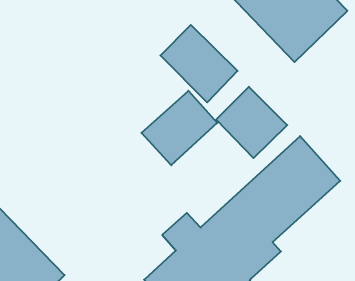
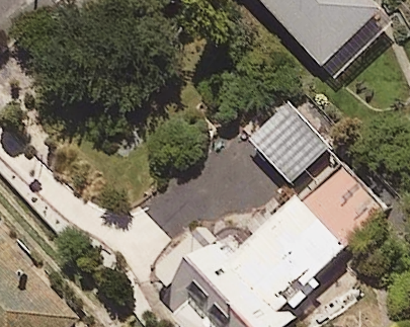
building: [160,25,238,102] -> none
building: [141,91,217,165] -> none

